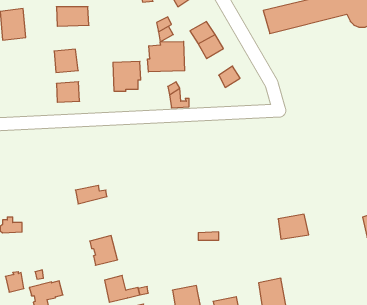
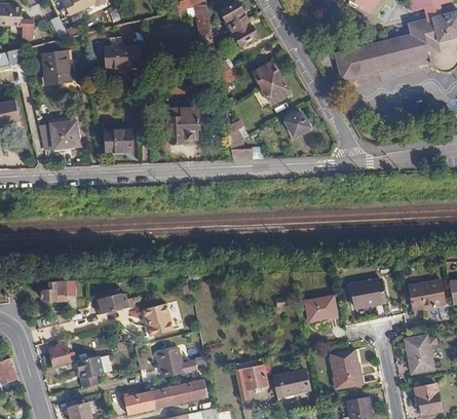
building: [148,41,185,72] -> none
building: [54,49,78,72] -> [50,123,77,149]
building: [75,185,107,204] -> [99,292,134,312]
building: none -> [410,281,443,310]
building: none -> [307,297,338,321]
building: none -> [410,337,433,373]

